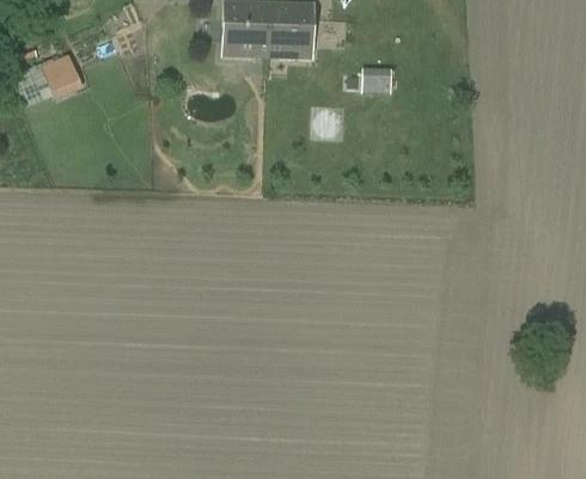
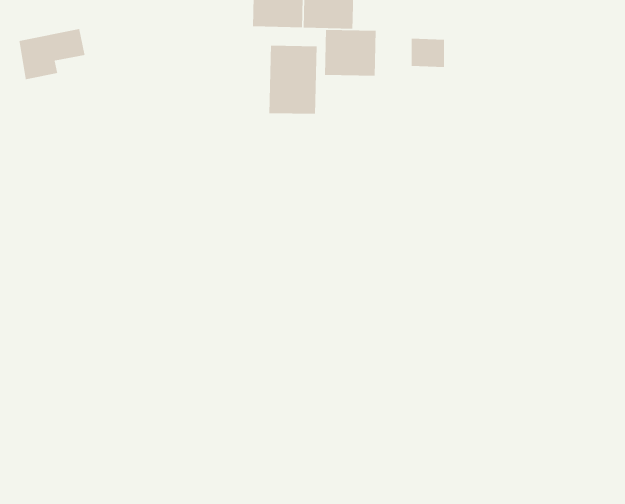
building: none -> [324,29,376,77]
building: none -> [269,45,317,115]

